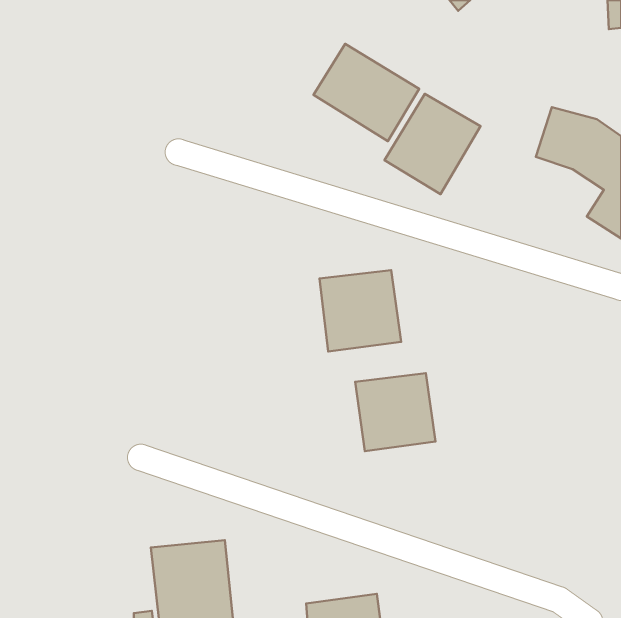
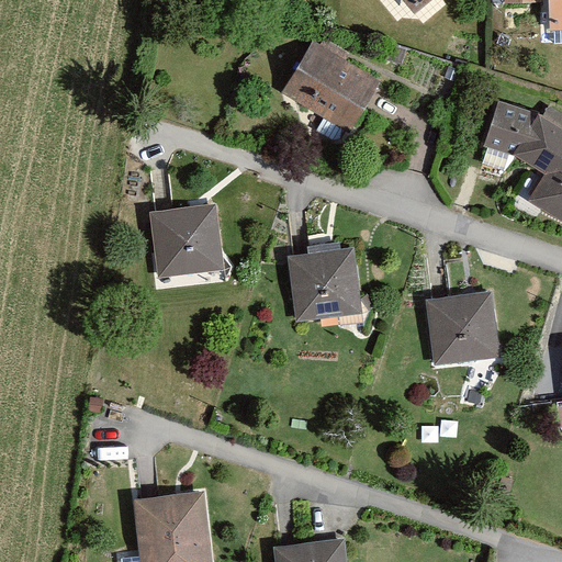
building: [384,94,481,194] -> none
building: none -> [151,205,222,274]
building: [355,373,435,451] -> [427,294,499,364]

